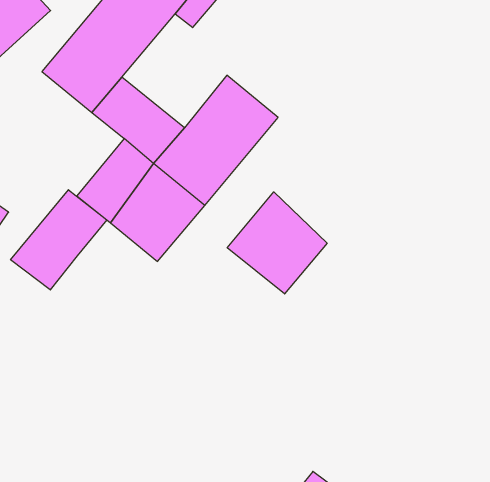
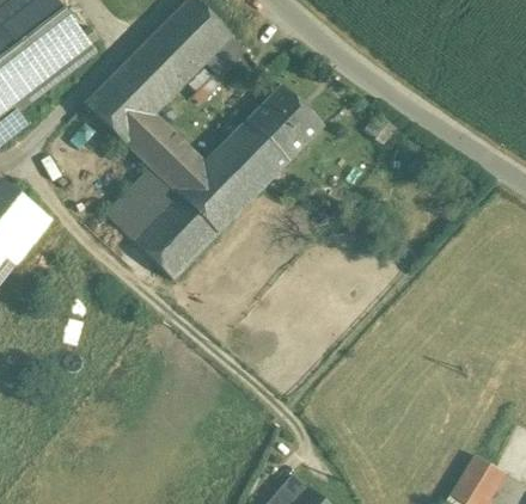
building: none -> [245,82,322,159]
building: [11,190,107,290] -> none
building: [227,192,327,294] -> none

